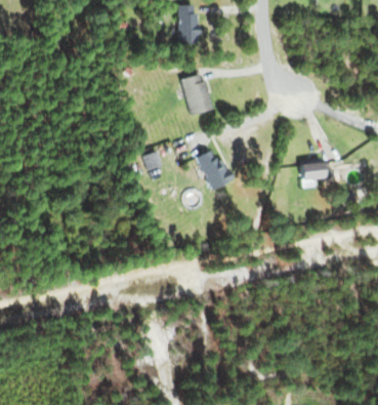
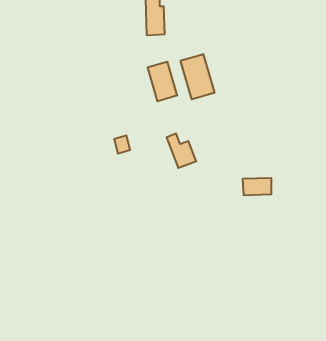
building: none -> [181,54,214,99]
building: [298,161,329,179] -> [243,178,271,195]

